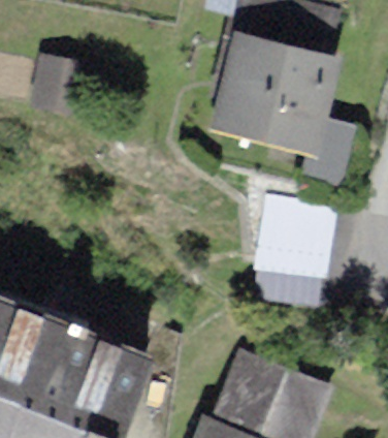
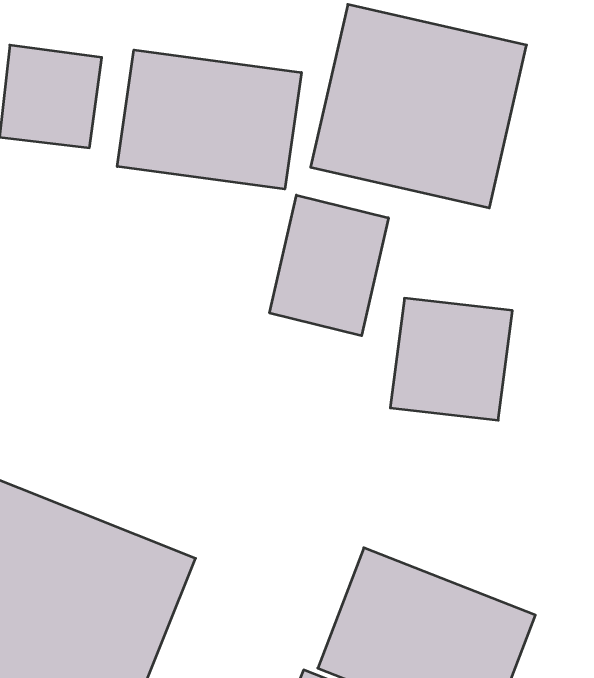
building: none -> [117,50,301,189]
building: none -> [270,195,388,336]

